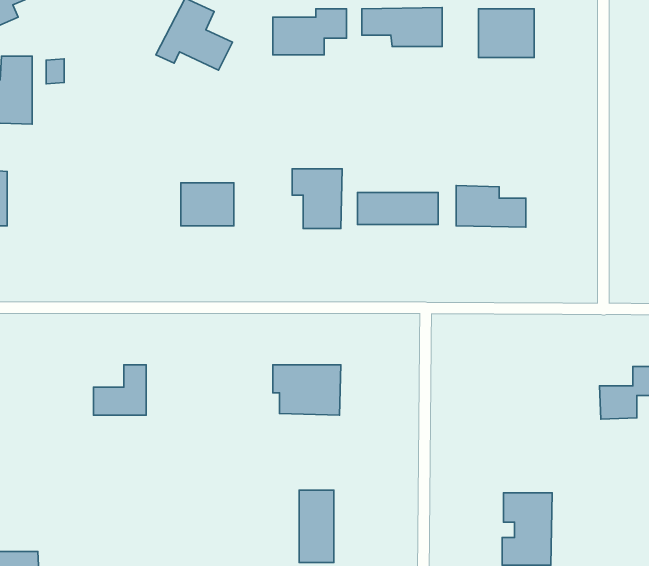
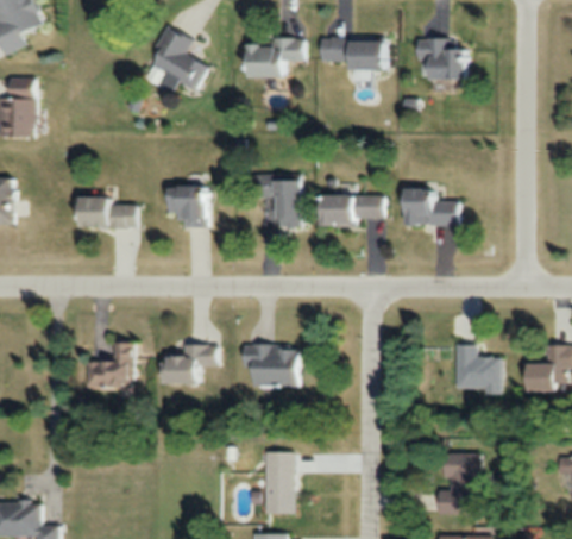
building: none -> [73,200,136,230]
building: none -> [455,343,501,391]
building: none -> [159,349,220,384]

